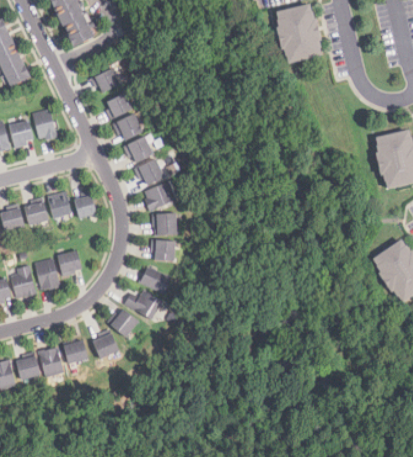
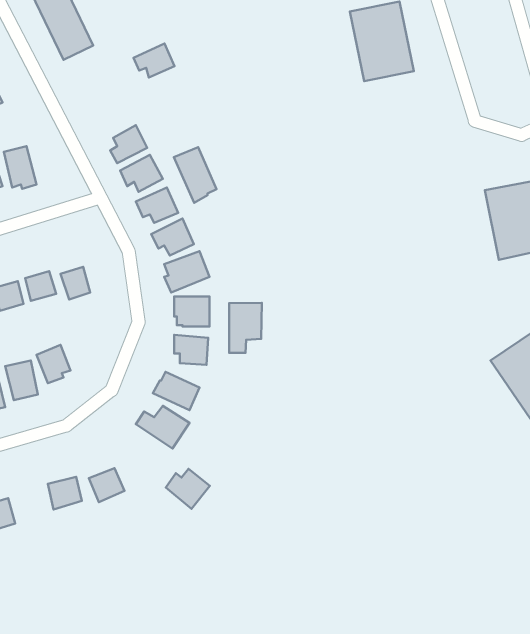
building: [92,69,121,93] -> [133,44,174,78]
building: none -> [174,147,217,203]
building: none -> [229,303,262,353]
building: [107,310,138,338] -> [166,469,210,509]
building: [39,348,64,378] -> none

